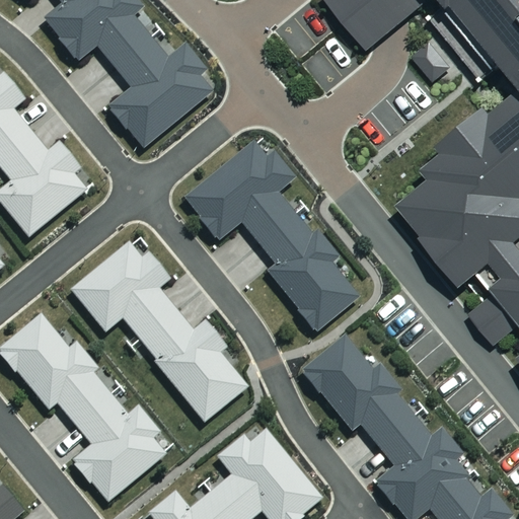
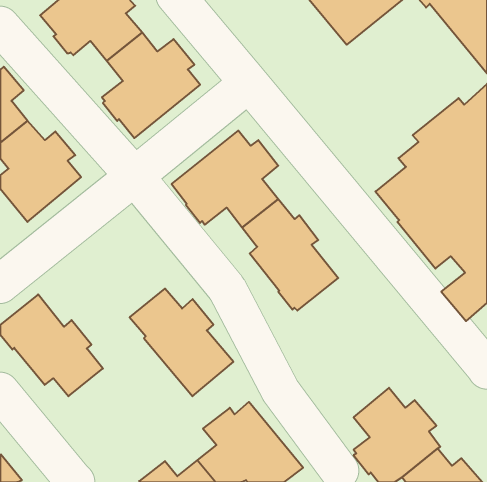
building: [70,241,175,338] -> none
building: [301,333,414,444] -> none
building: [72,392,166,502] -> none

